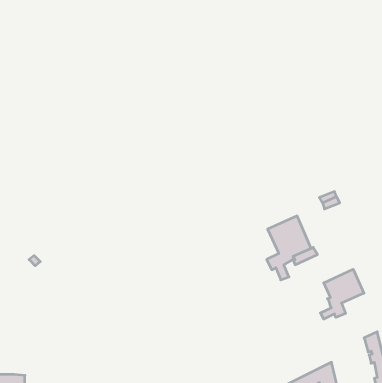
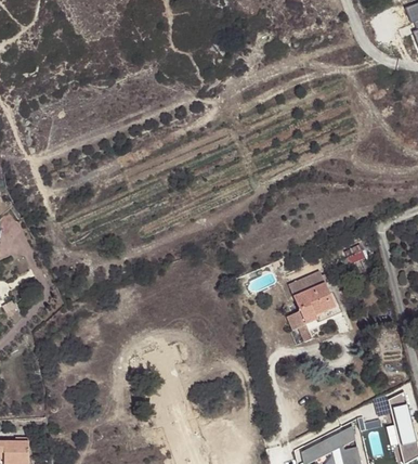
building: [320,269,364,319] -> none

